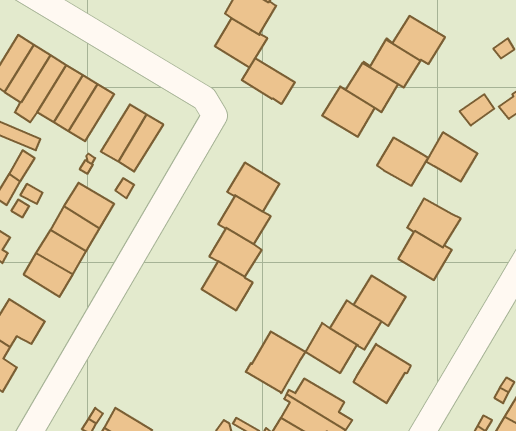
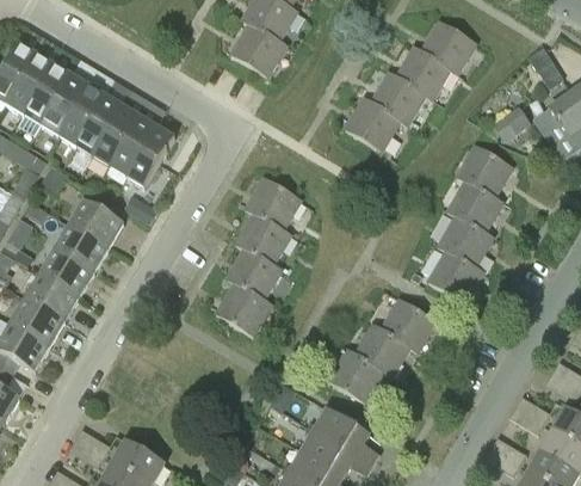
building: [242,58,295,104] -> none
building: none -> [93,105,141,166]
building: [377,138,428,186] -> [447,182,502,233]
building: none -> [12,297,66,347]
building: [246,331,305,393] -> none
building: [354,344,411,403] -> none

